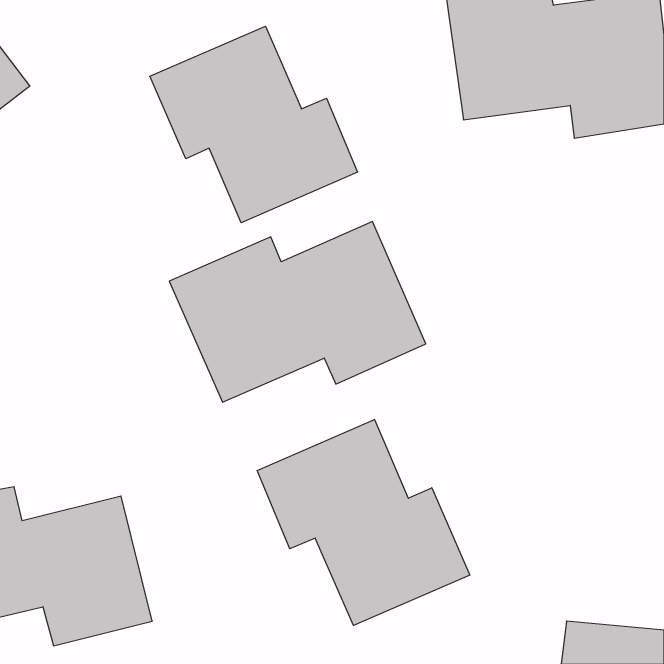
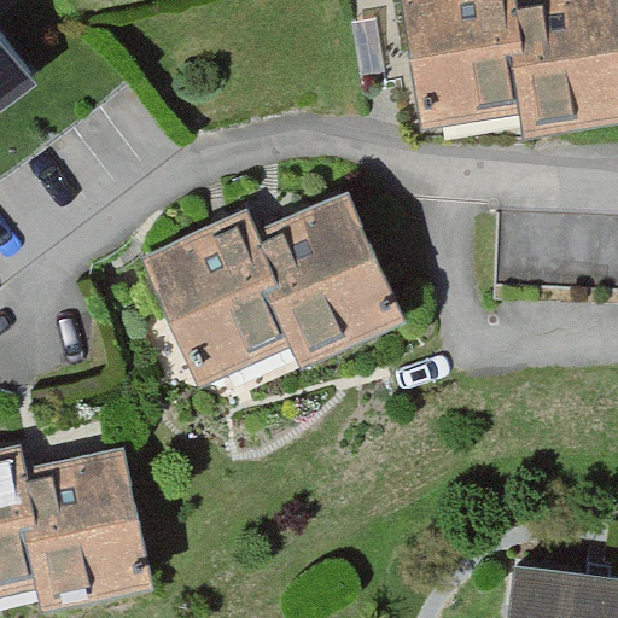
building: [150,26,358,223] -> none
building: [257,419,470,625] -> none

